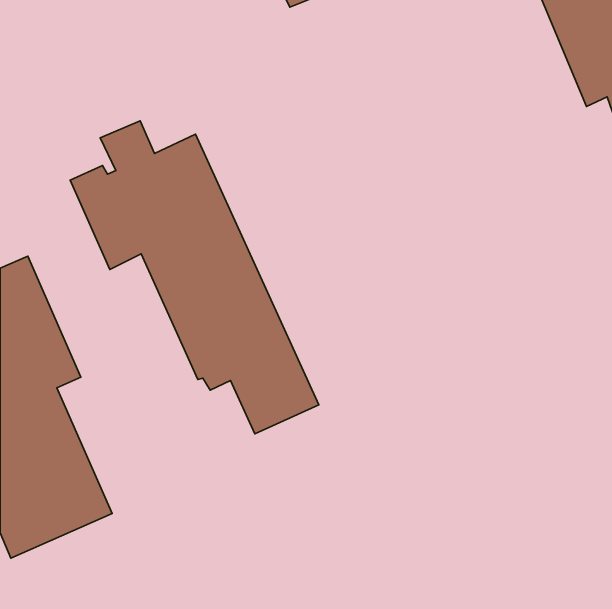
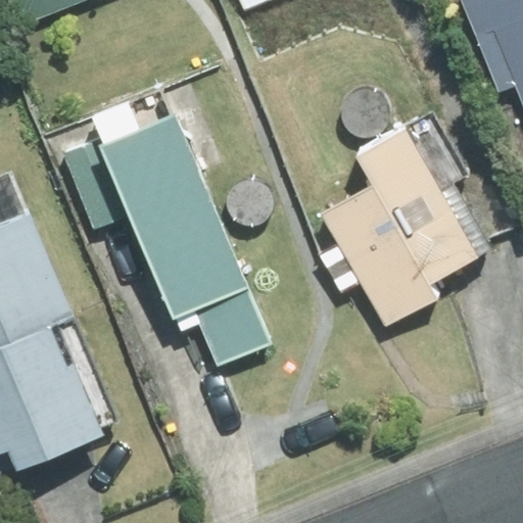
building: none -> [317,127,495,328]

